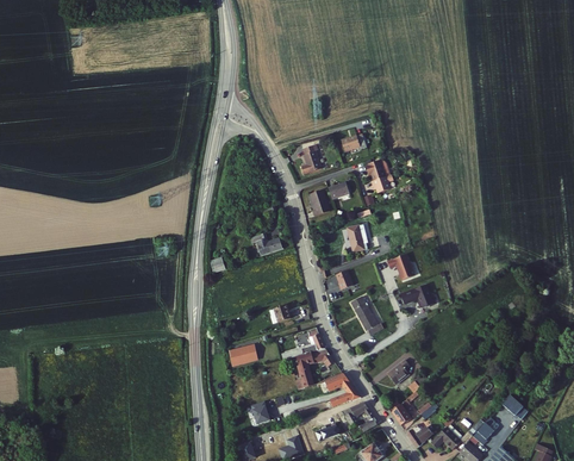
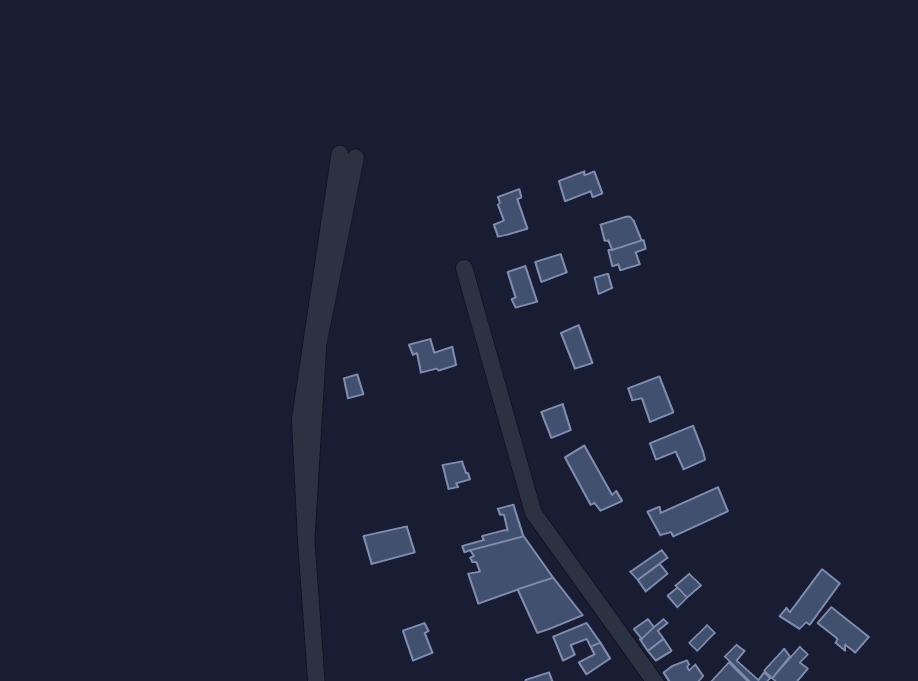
building: none -> [648,487,728,537]
building: none -> [780,569,840,629]

